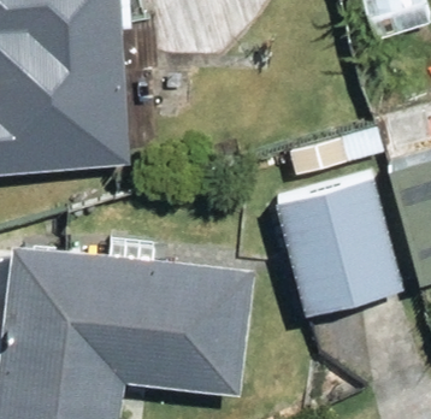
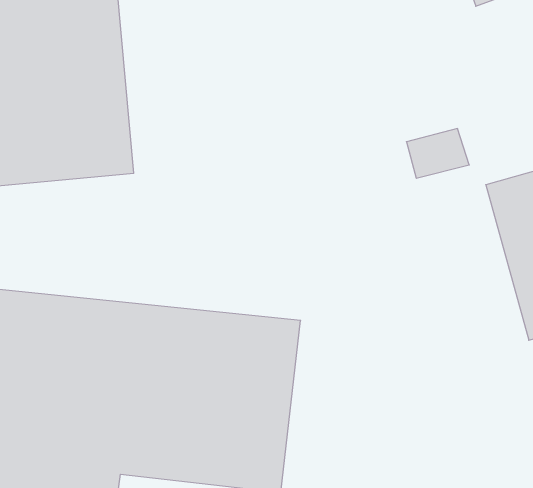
building: [278,183,403,317] -> none

